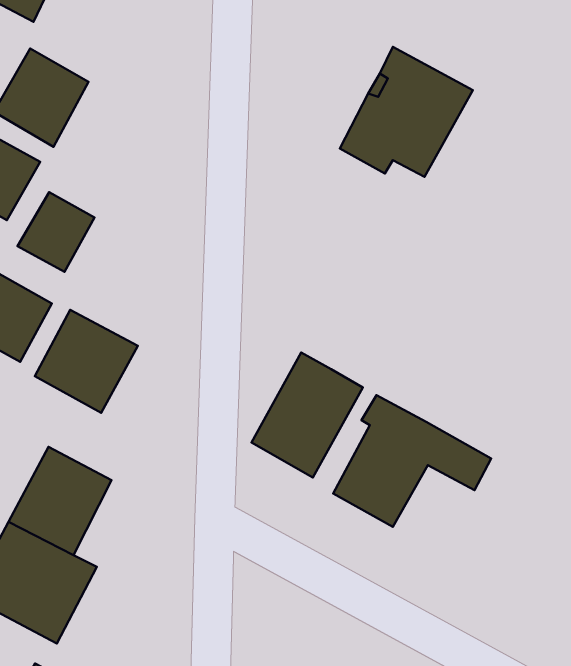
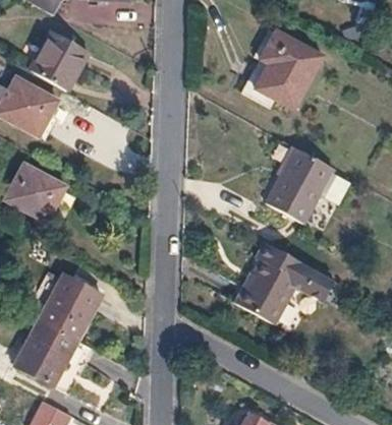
building: [18,192,94,272] -> none
building: [35,310,138,413] -> none
building: [251,352,363,477] -> [266,146,334,223]

